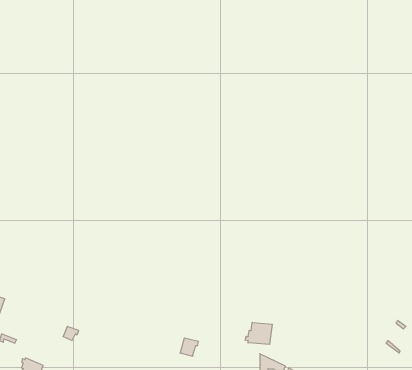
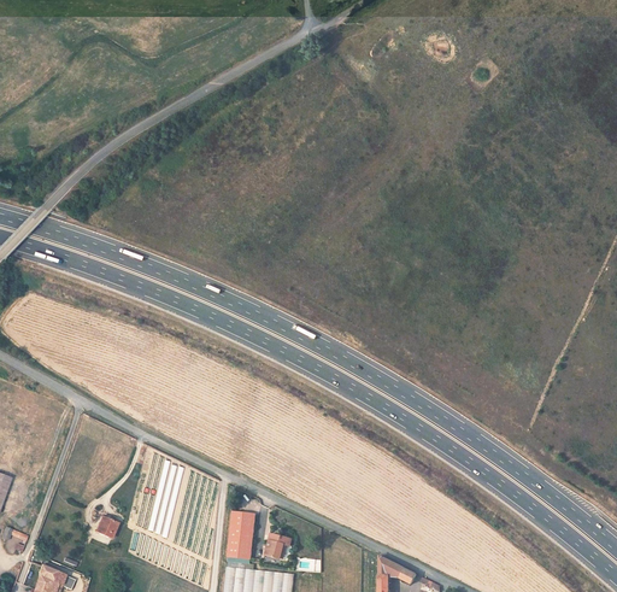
building: [245,322,272,344] -> none
building: none -> [229,512,253,557]

